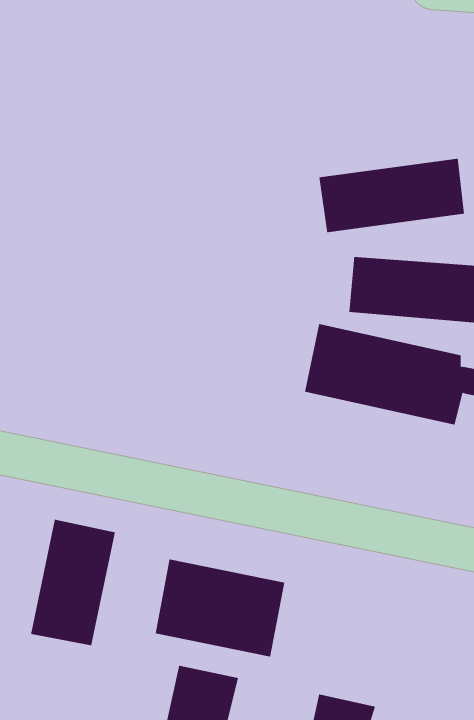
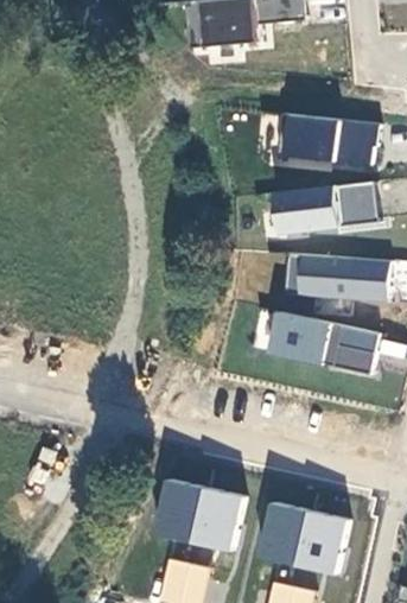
building: none -> [272,110,381,171]
building: [31,519,115,646] -> none
building: none -> [257,501,352,578]

